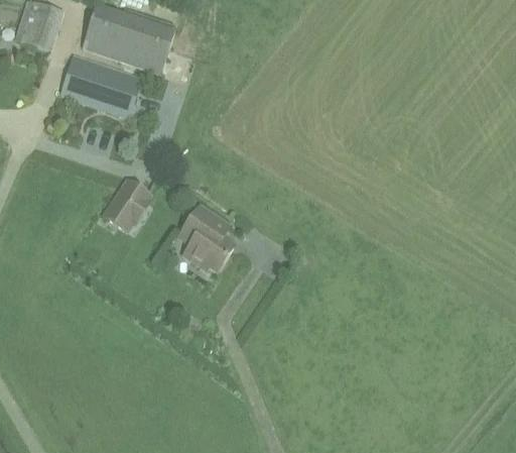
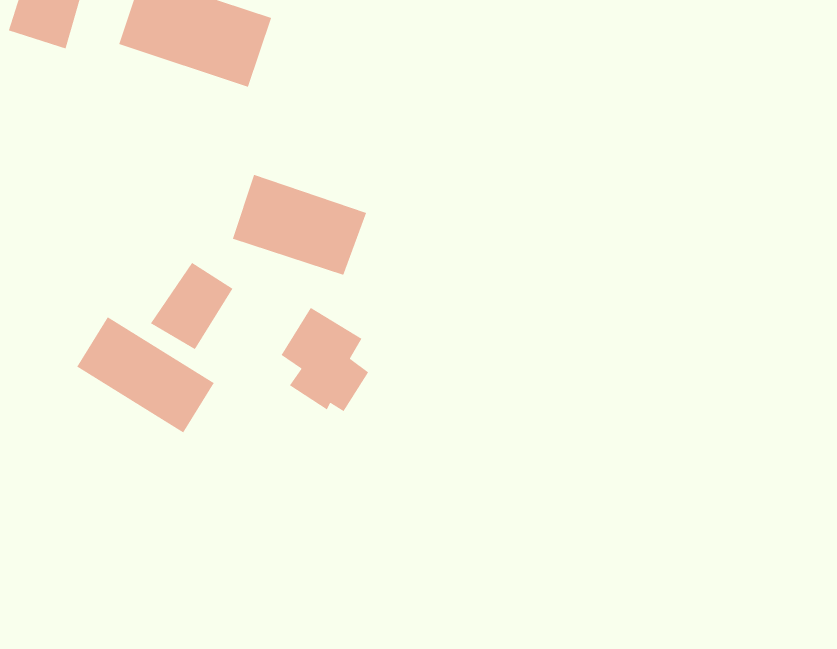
building: [60,54,142,116] -> [232,174,367,276]
building: none -> [76,316,215,434]

